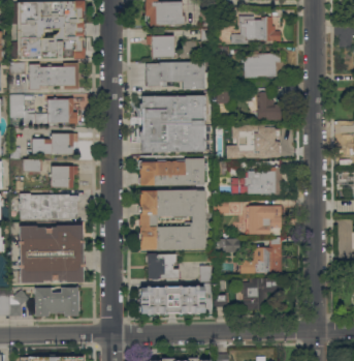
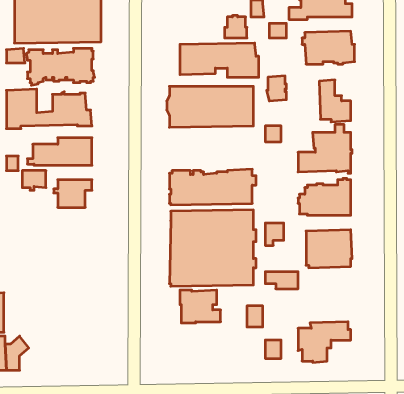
building: [148,33,175,55] -> none
building: [136,124,205,155] -> none
building: [18,193,78,220] -> none
building: [18,224,85,283] -> none
building: [239,238,281,274] -> none
building: [139,287,204,317] -> none
building: [34,288,79,317] -> none

